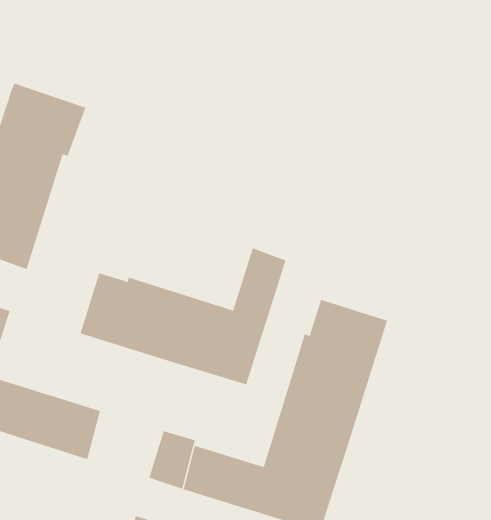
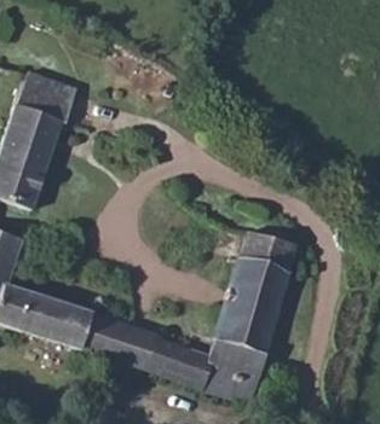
building: [80,247,286,385] -> none
building: none -> [80,313,136,362]

